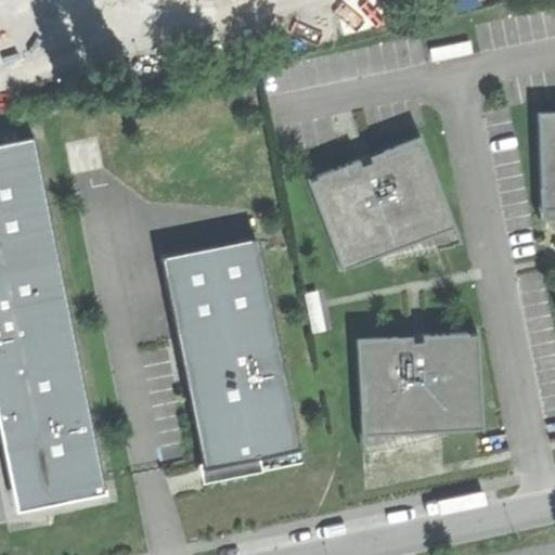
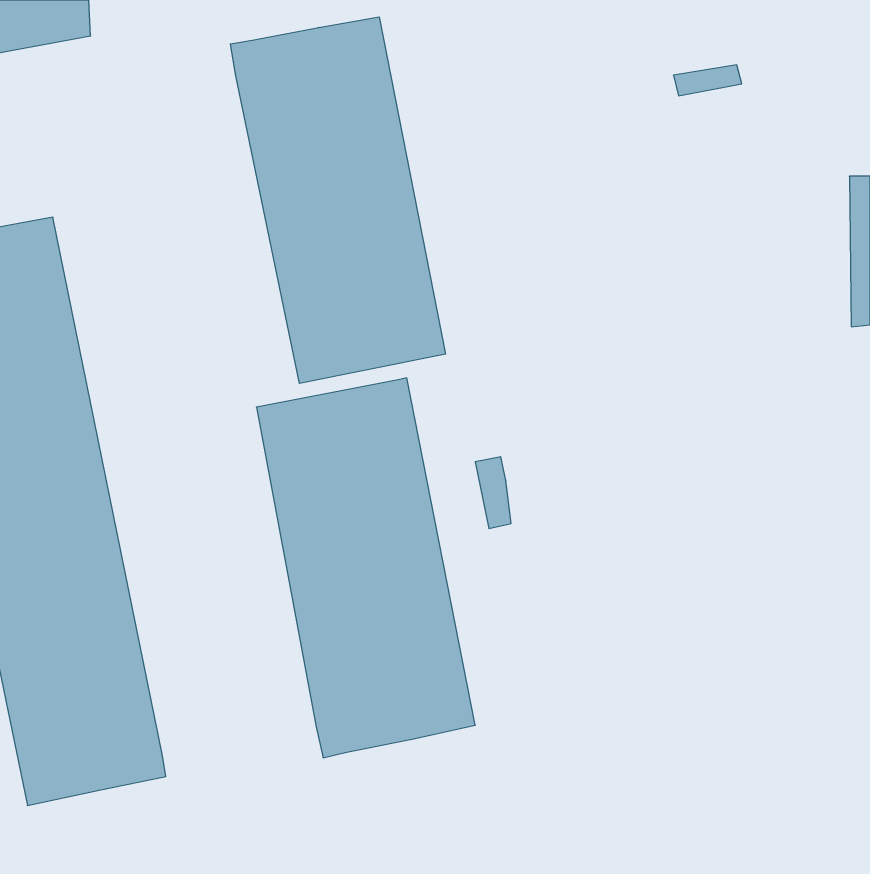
building: none -> [230,17,445,383]
building: [306,137,460,273] -> none
building: [356,330,482,436] -> none

